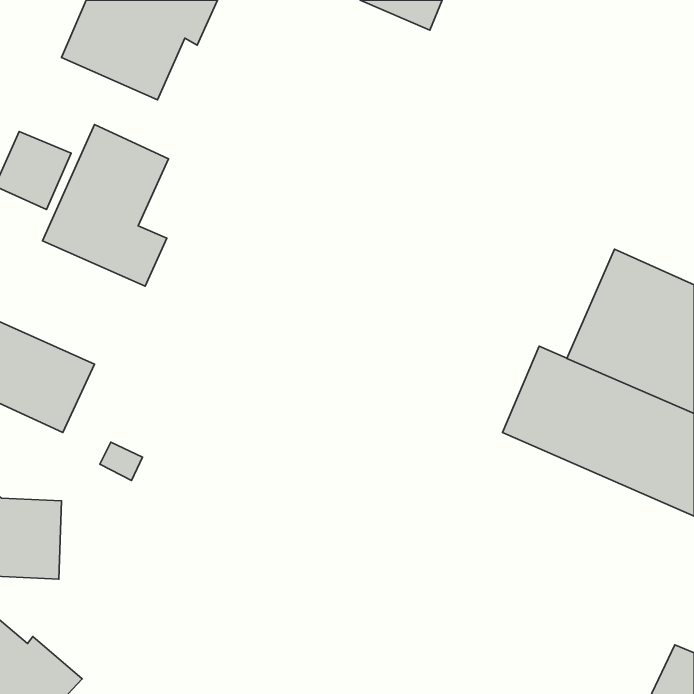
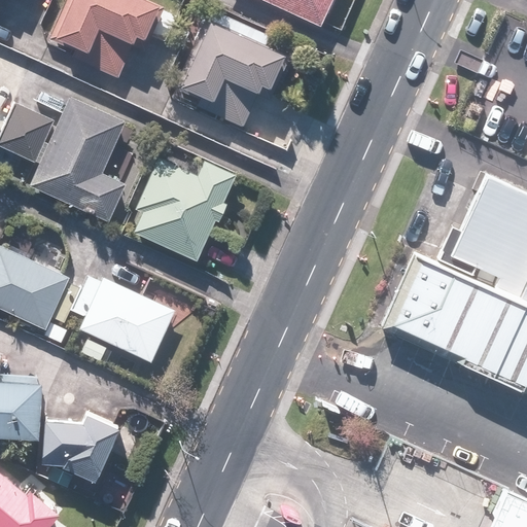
building: none -> [173,15,290,127]
building: none -> [135,157,236,259]
building: none -> [72,271,175,363]
building: none -> [42,415,160,482]

